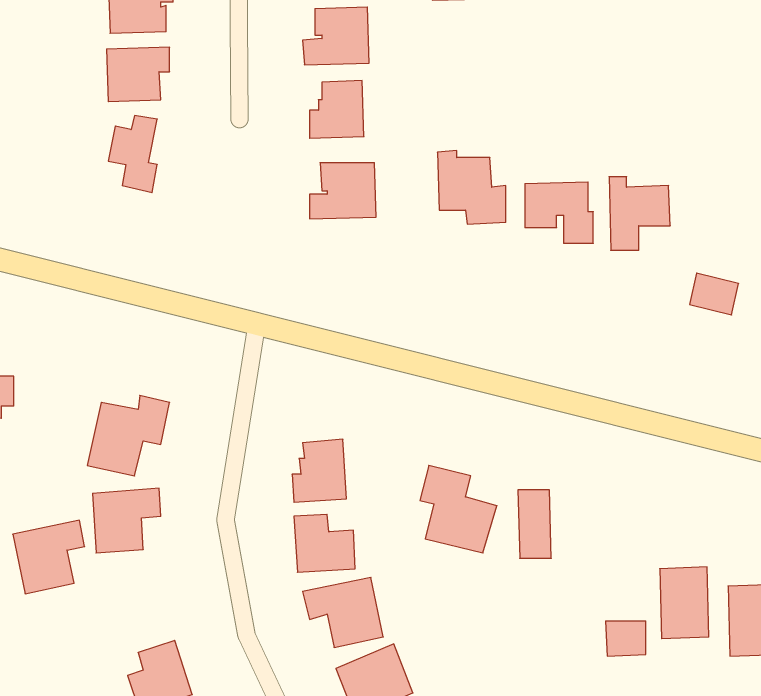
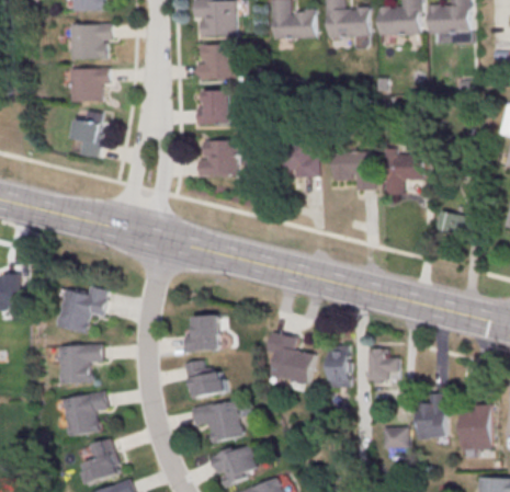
building: none -> [366,347,397,380]
building: [13,520,85,594] -> [64,391,109,437]

